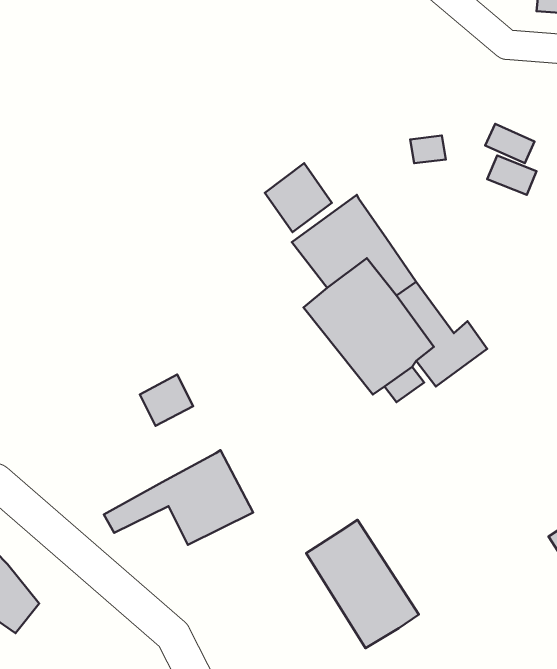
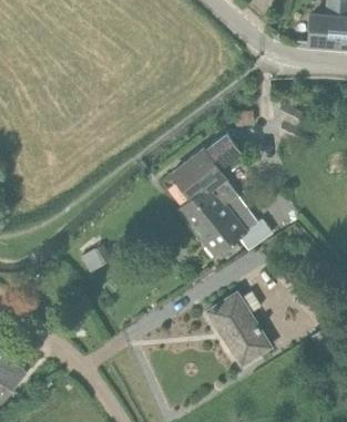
building: [265,163,332,232] -> [206,132,244,171]
building: [104,450,253,545] -> none
building: [306,520,419,648] -> [210,295,273,367]

